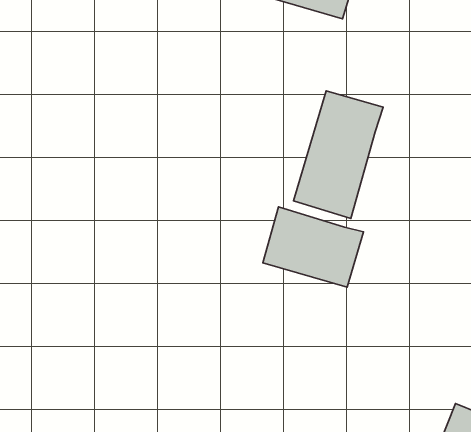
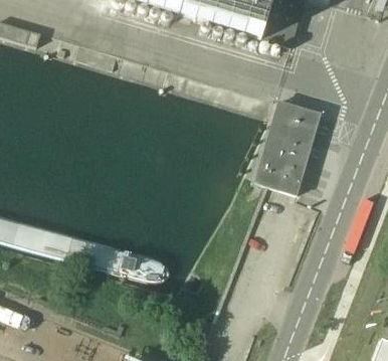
building: [263,207,364,287] -> none

